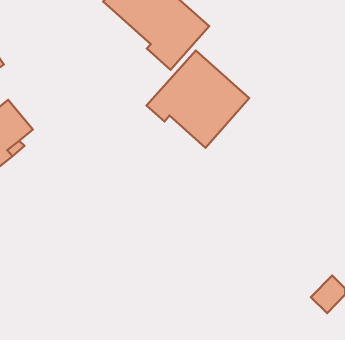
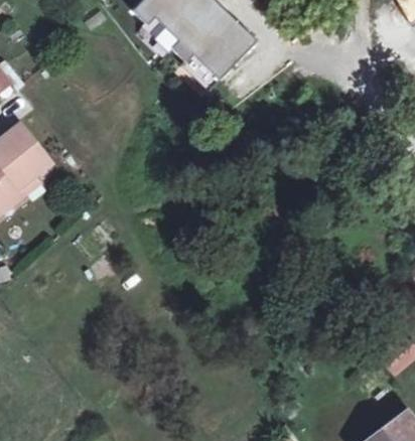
building: [146,51,249,148] -> none

